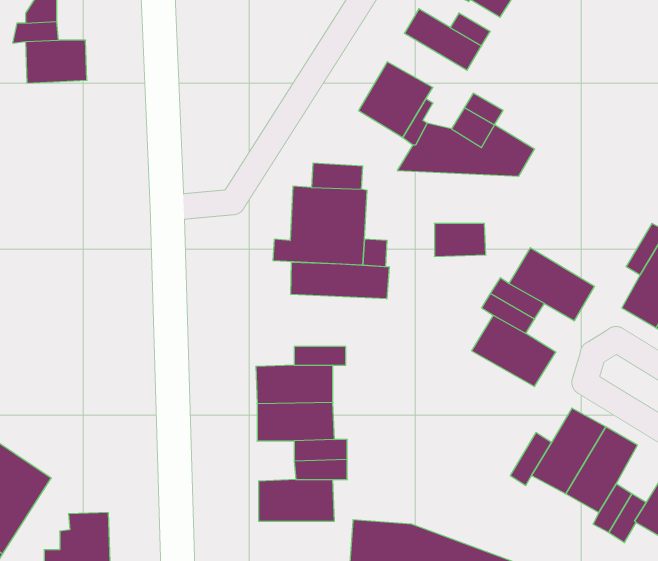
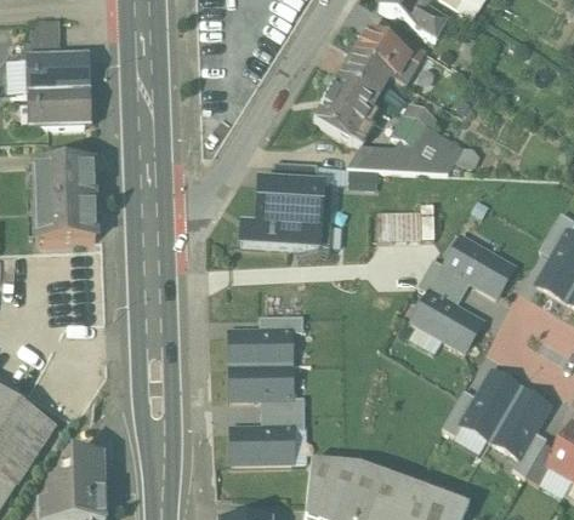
building: none -> [340,51,393,97]
building: none -> [34,91,86,126]
building: none -> [34,161,96,242]
building: [291,262,389,299] -> none

